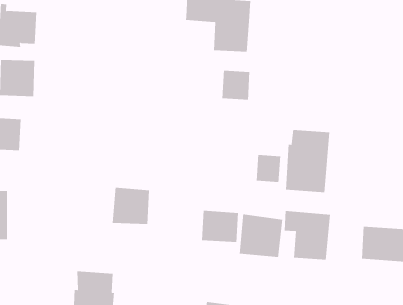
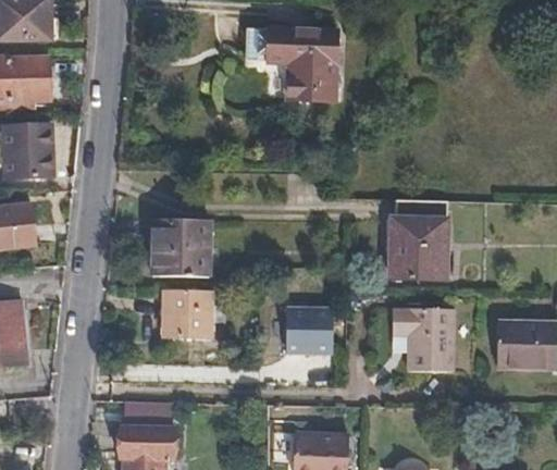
building: [222,70,250,101] -> none
building: none -> [154,219,210,274]
building: [256,154,281,183] -> none
building: [239,214,283,258] -> none

